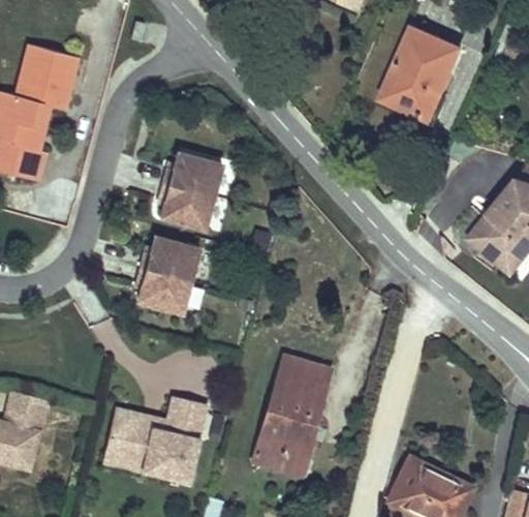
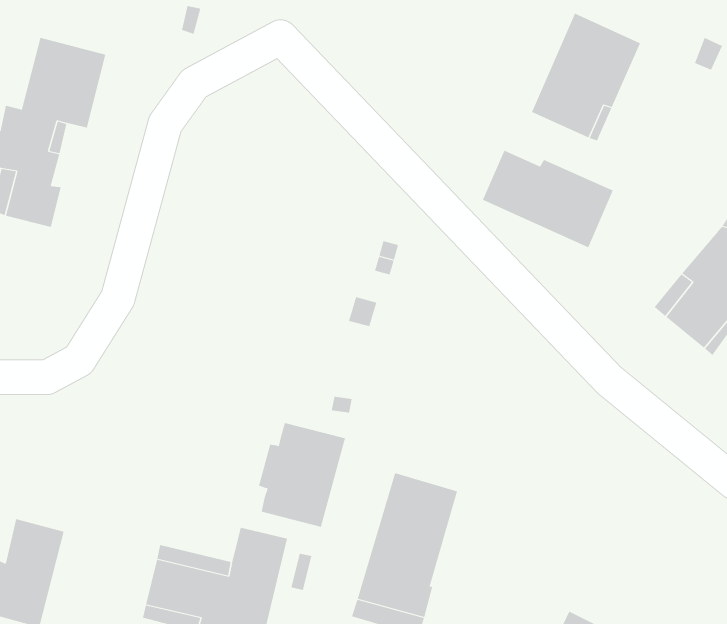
building: none -> [482,150,613,248]
building: [159,153,222,229] -> none
building: [136,237,199,312] -> [258,422,346,528]

